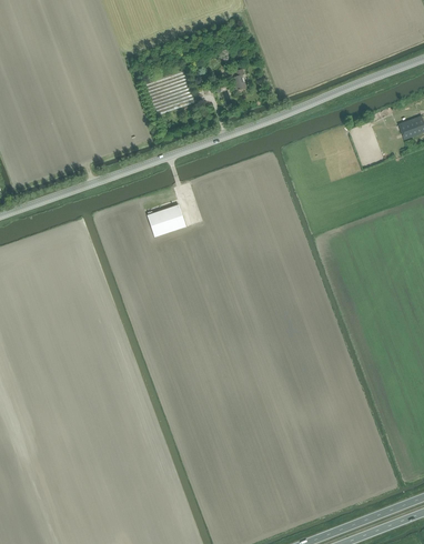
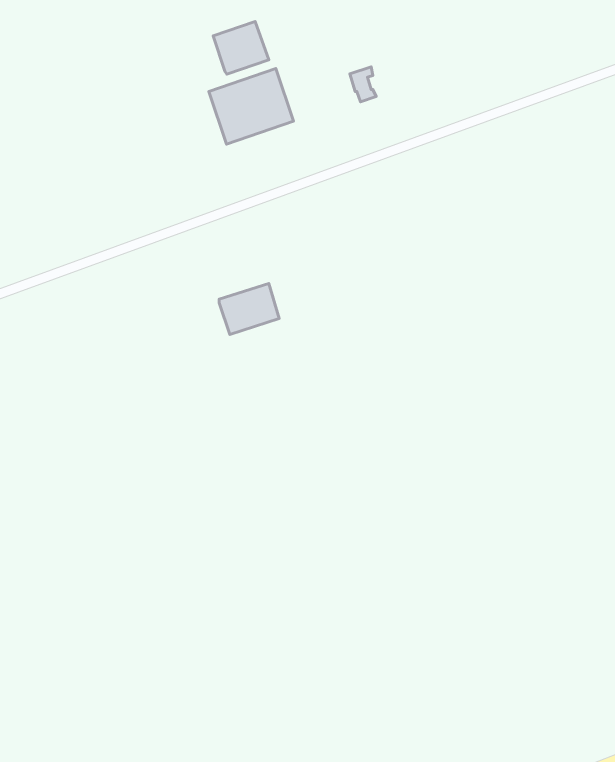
building: none -> [213,22,269,74]

